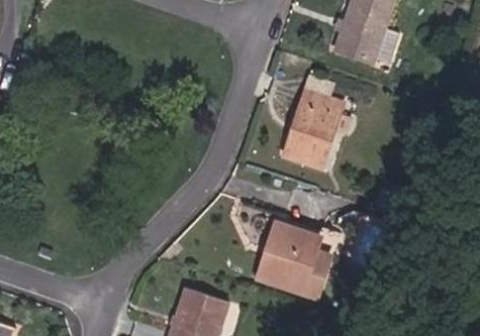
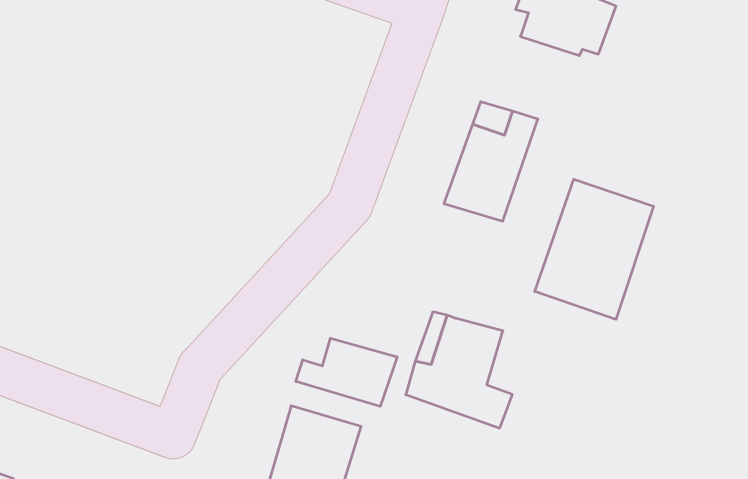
building: none -> [535,179,653,319]
building: none -> [296,338,397,406]

